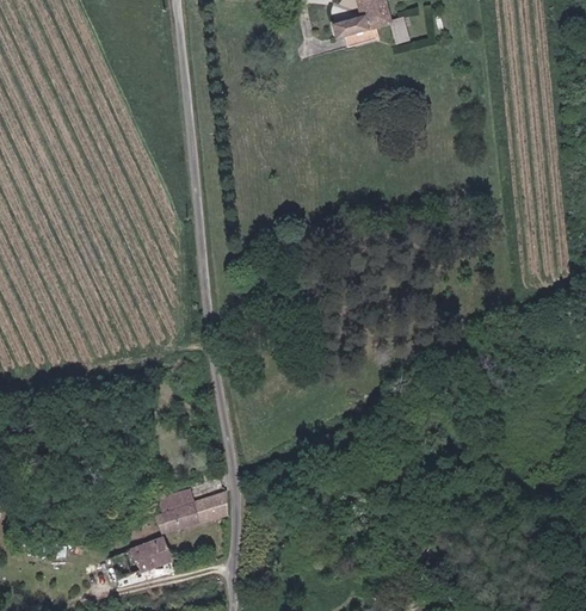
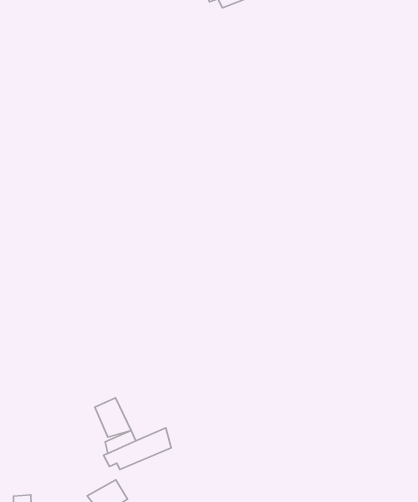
building: none -> [95,398,131,437]

